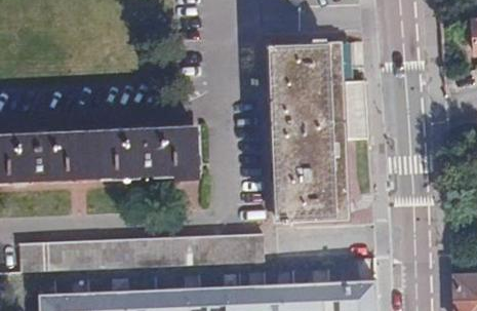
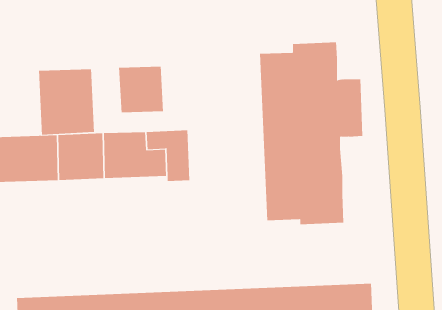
building: none -> [119,66,164,113]
building: none -> [39,69,94,135]
building: [21,233,264,270] -> none

